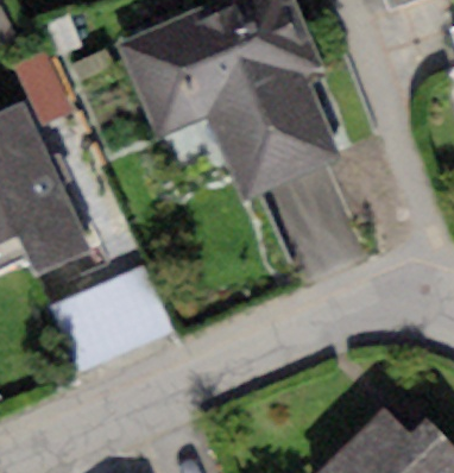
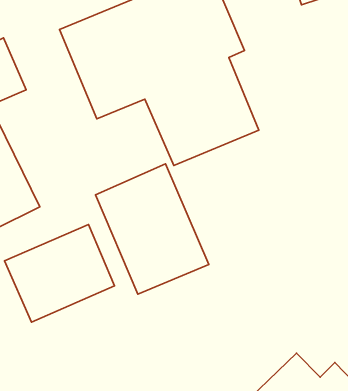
building: none -> [95,164,209,294]

